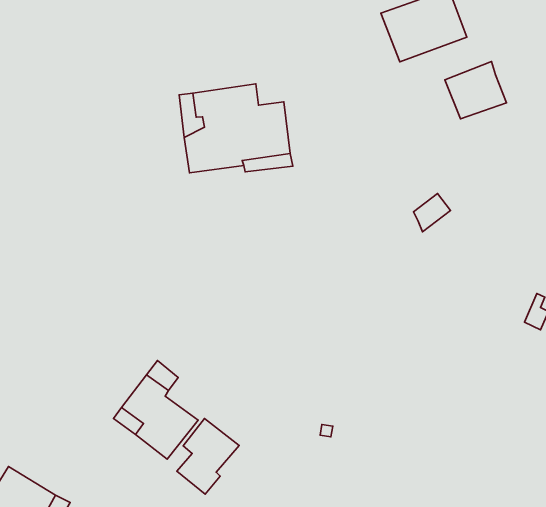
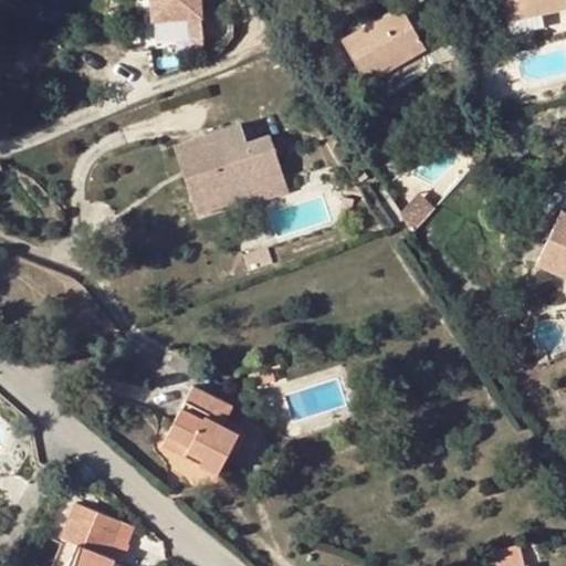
building: [445,62,507,119] -> none
building: [177,419,239,494] -> none

